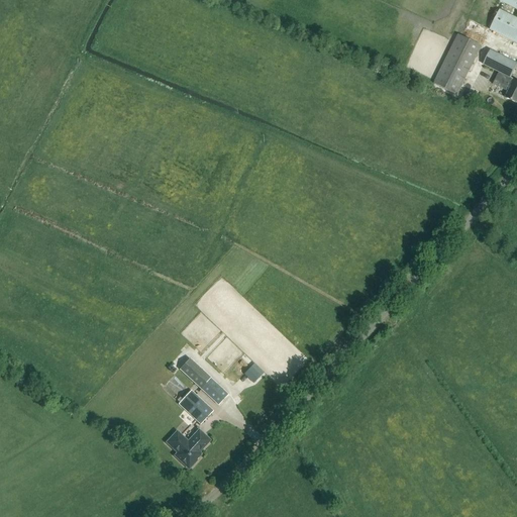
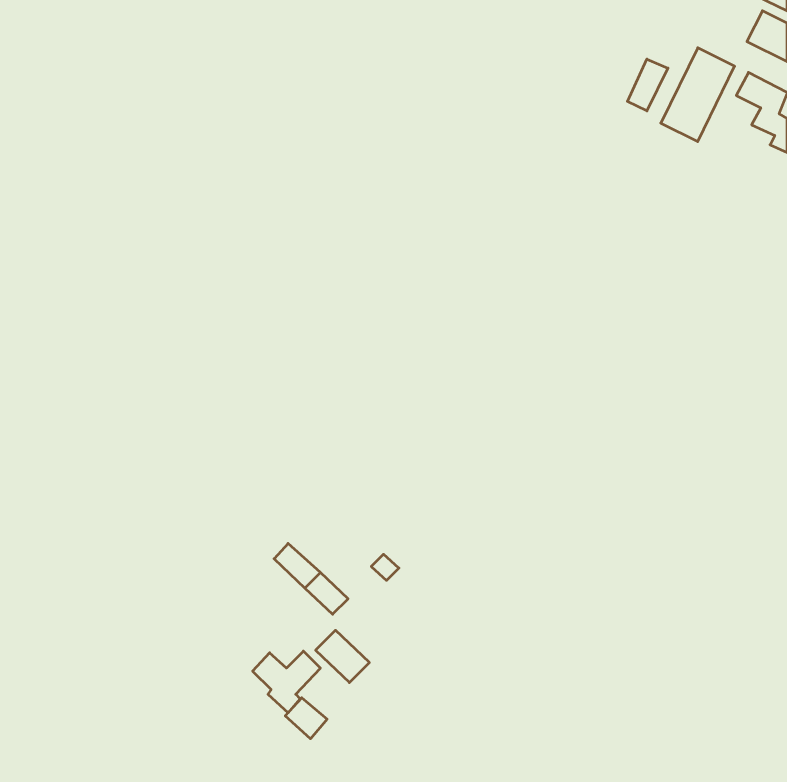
building: none -> [627,59,668,111]
building: [178,388,213,422] -> [316,630,369,683]
building: none -> [285,698,327,739]

